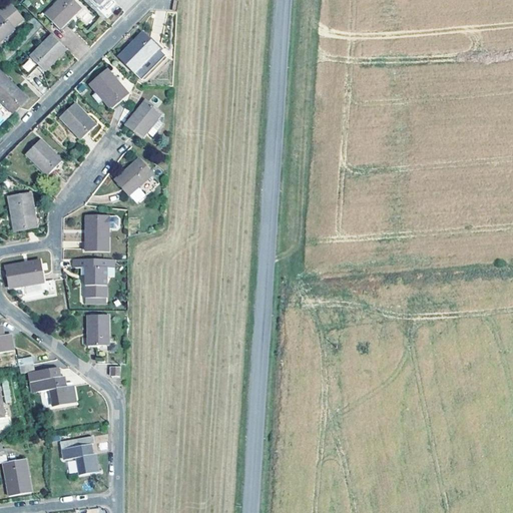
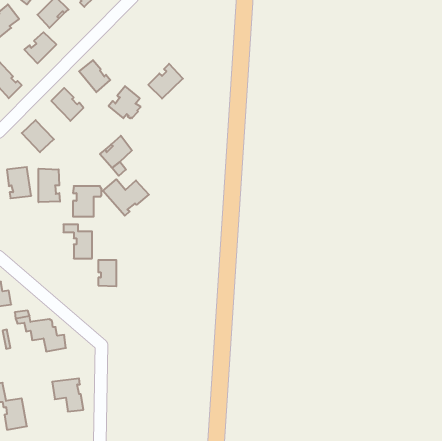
building: [118,31,158,71] -> [148,64,183,99]
building: none -> [39,169,60,202]
building: none -> [103,179,149,216]
building: [5,259,42,287] -> none
building: [86,316,107,346] -> [98,260,116,286]

